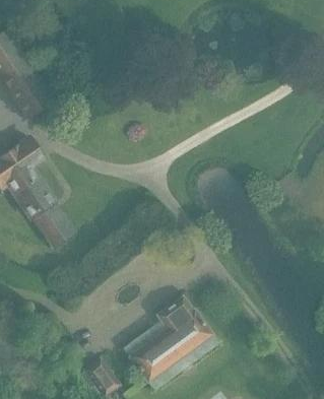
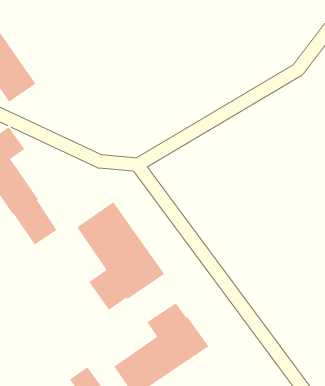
building: none -> [76,201,165,311]

